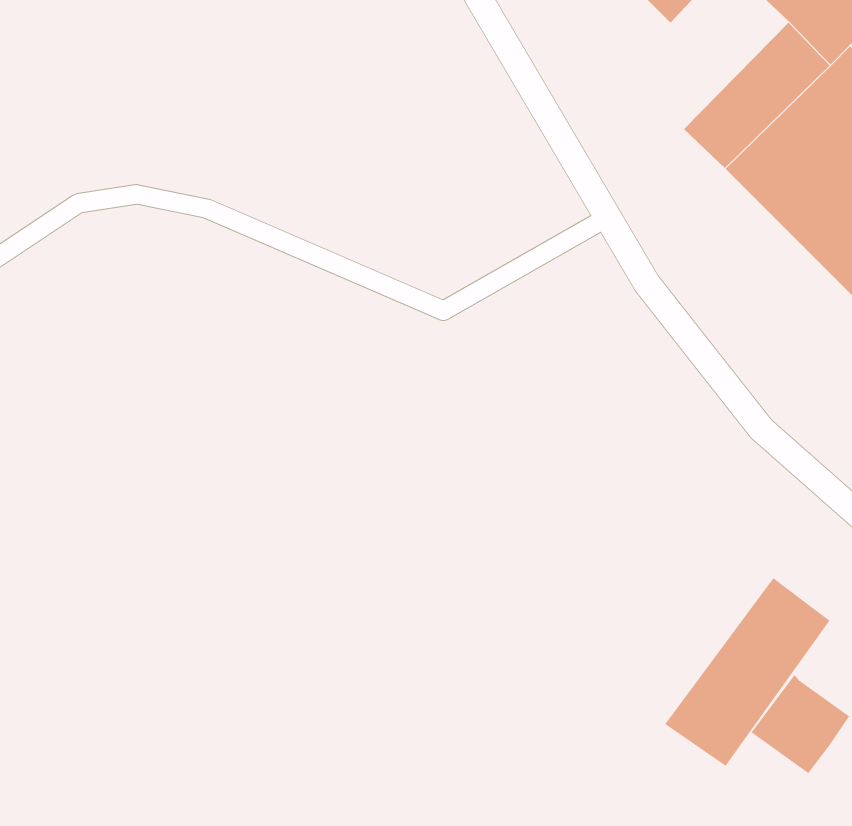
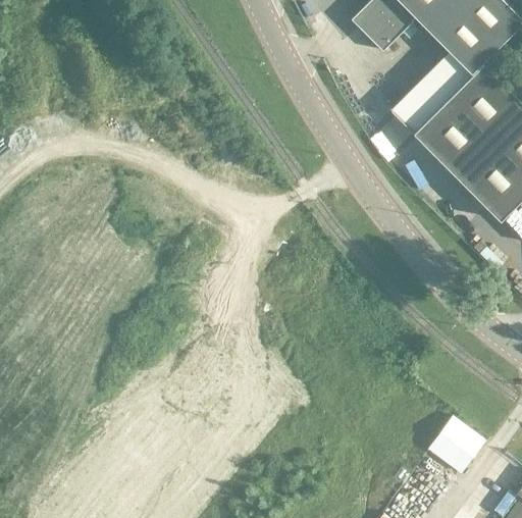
building: [664,577,830,767] -> none

